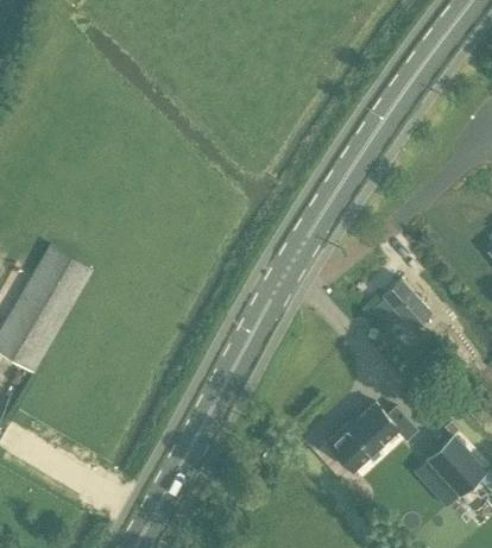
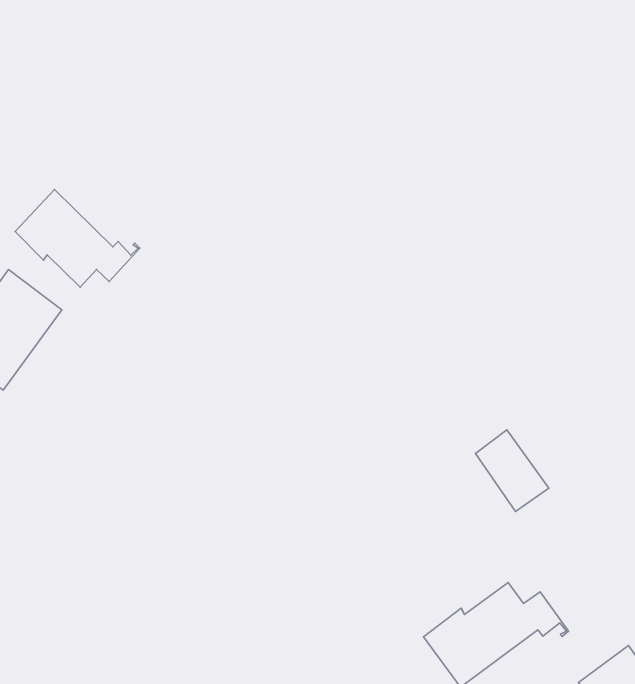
building: none -> [15,189,140,287]
building: [384,282,431,332] -> [475,430,549,512]

